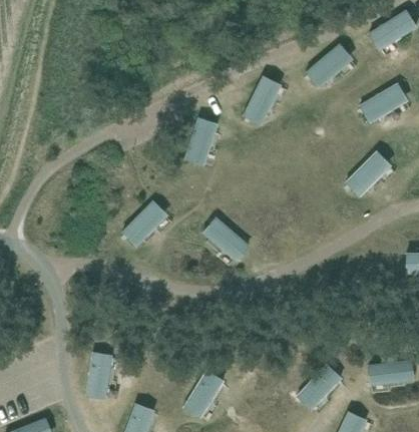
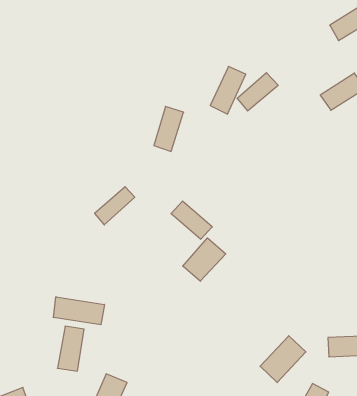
building: [306,47,349,87] -> [237,73,278,111]
building: [345,153,389,197] -> none
building: none -> [183,238,226,281]
building: none -> [53,297,104,325]
building: [182,370,224,417] -> none

